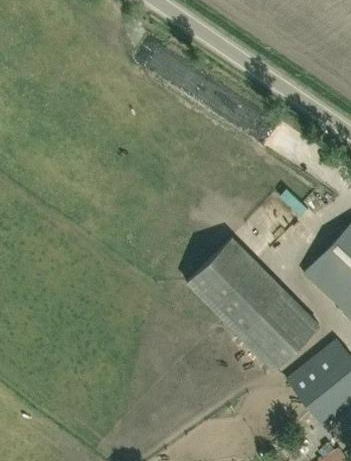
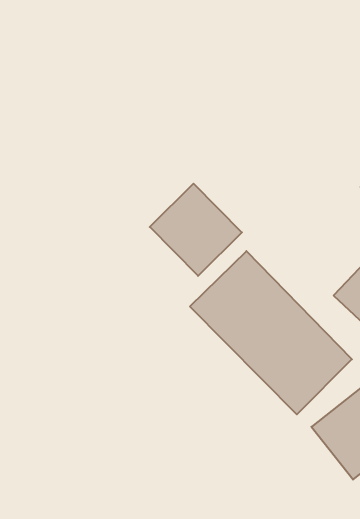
building: none -> [150,184,242,276]

